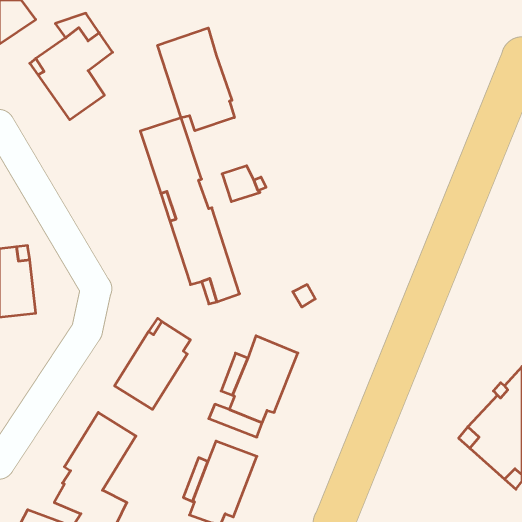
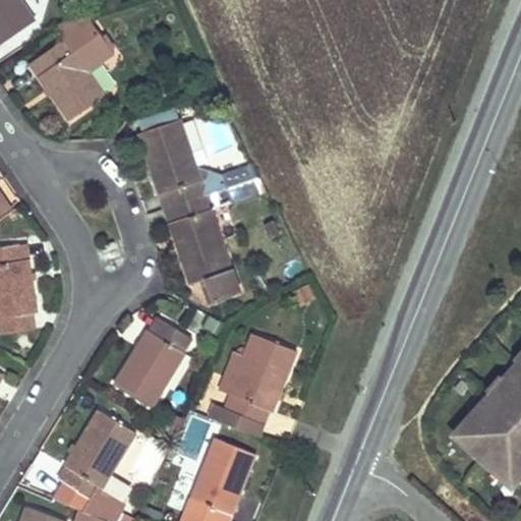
building: [158,28,234,131] -> none

